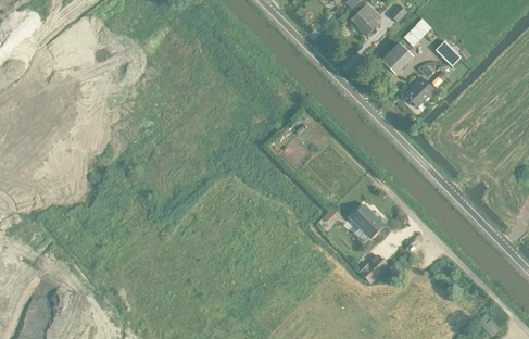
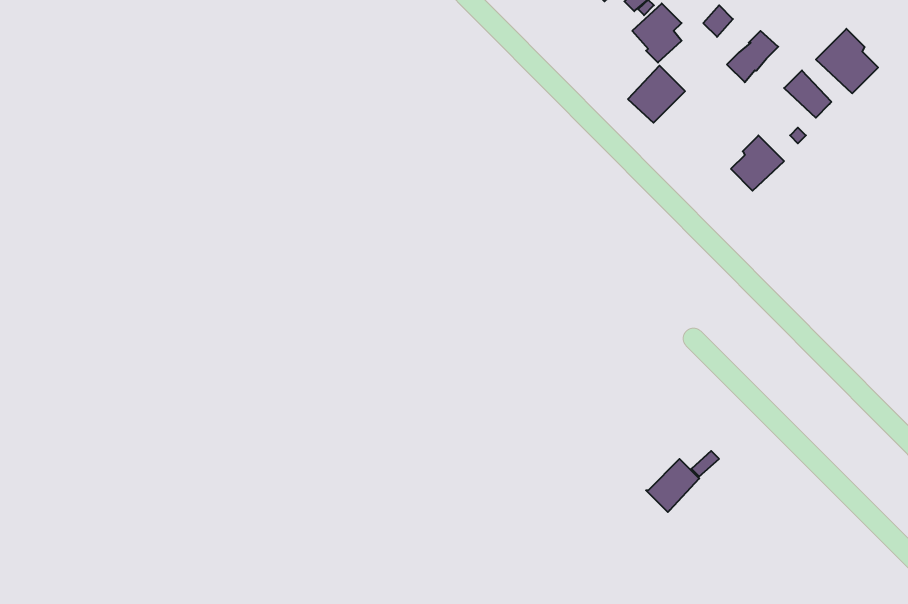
building: none -> [816,29,878,93]
building: [381,42,413,74] -> [628,66,685,123]
building: [350,204,383,238] -> none

